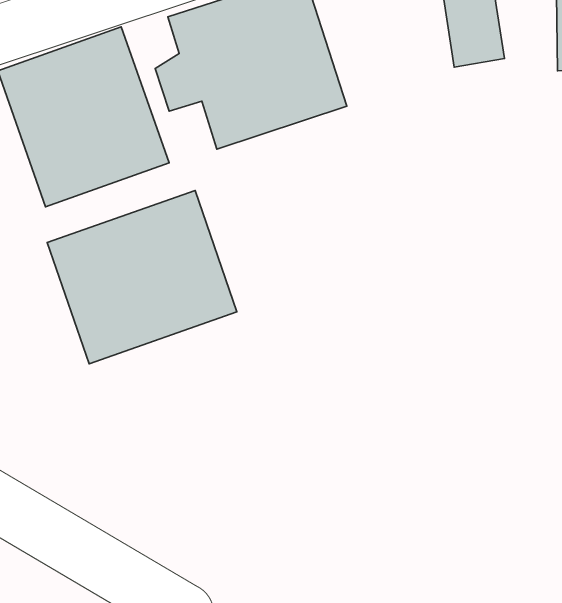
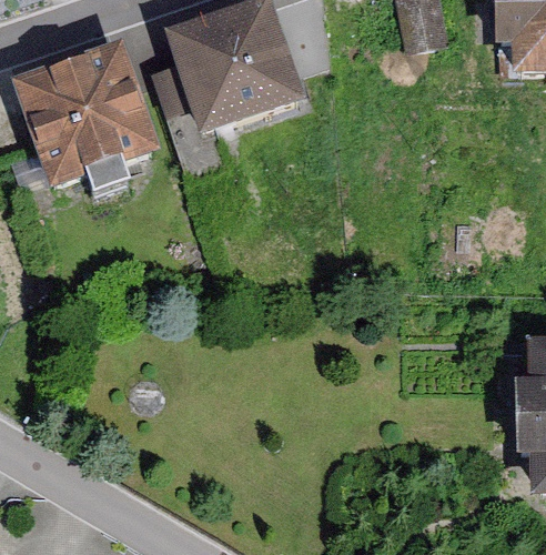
building: [47,191,237,364] -> none

